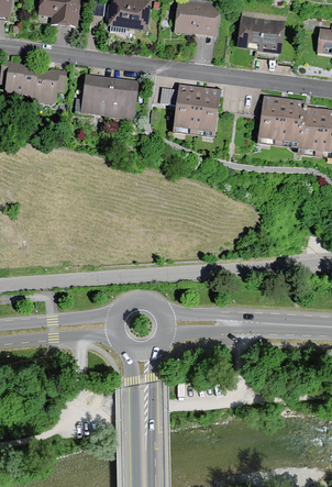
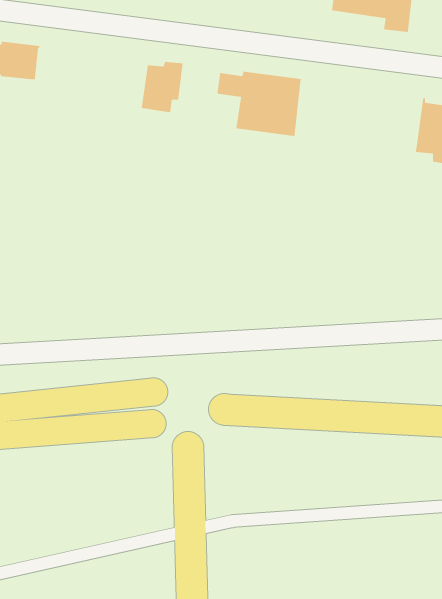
building: [32,71,65,102] -> none
building: [84,76,111,113] -> none
building: [257,98,303,142] -> none

